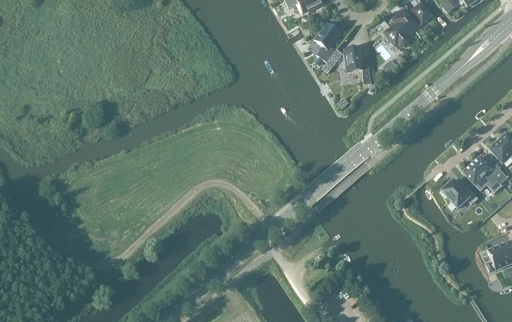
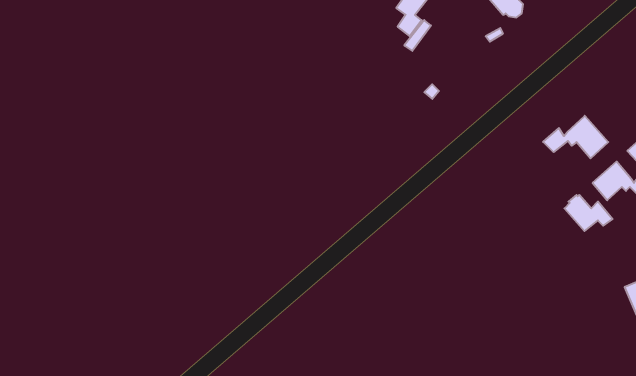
building: [345,47,372,84] -> none
building: none -> [543,116,608,158]

